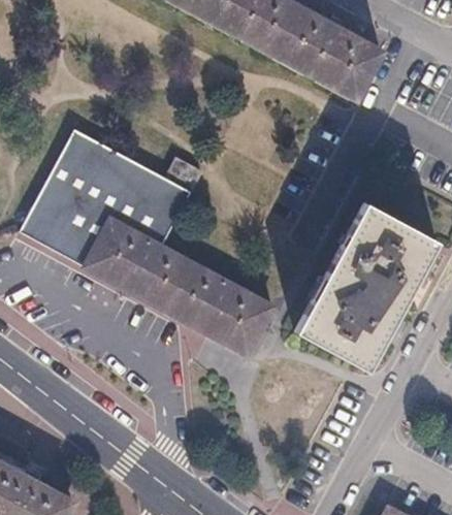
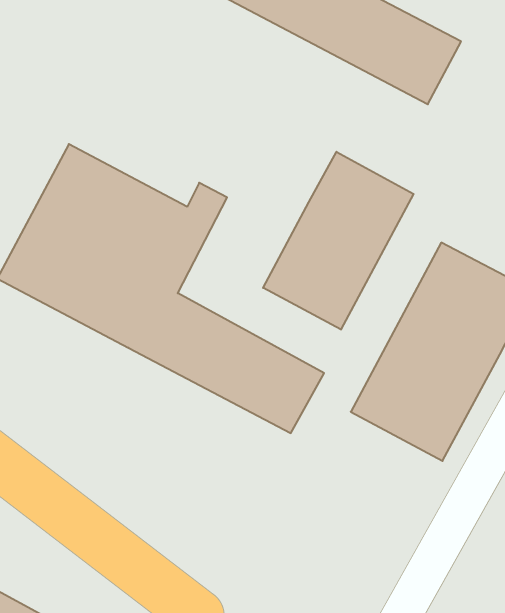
building: none -> [263,152,414,330]

